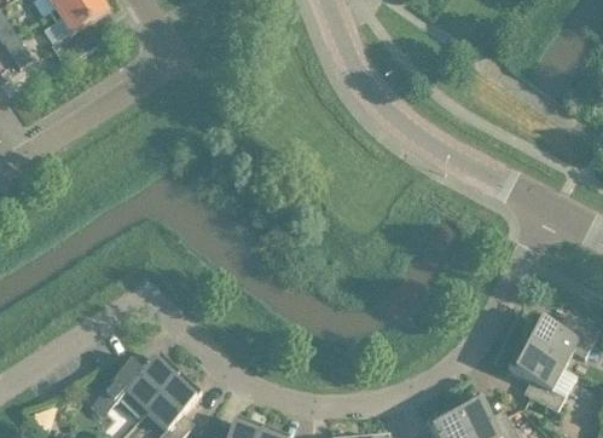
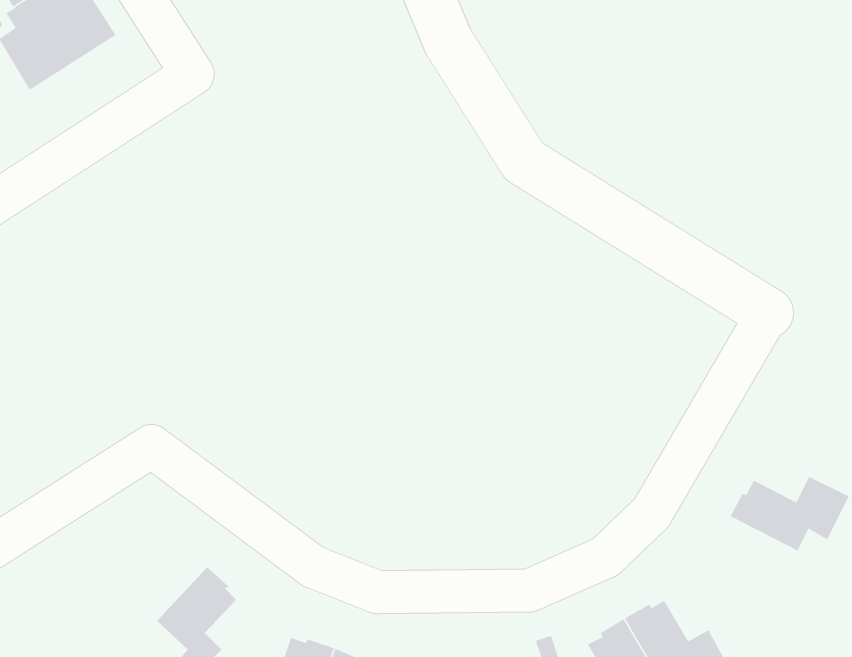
building: [510,341,566,410] -> none
building: [89,356,180,417] -> none

